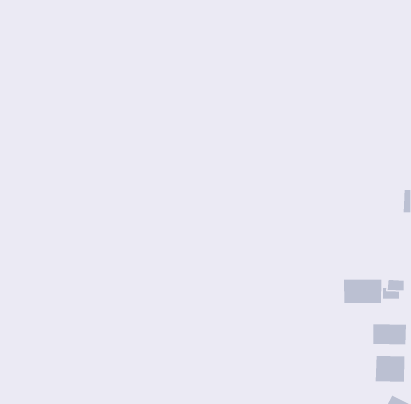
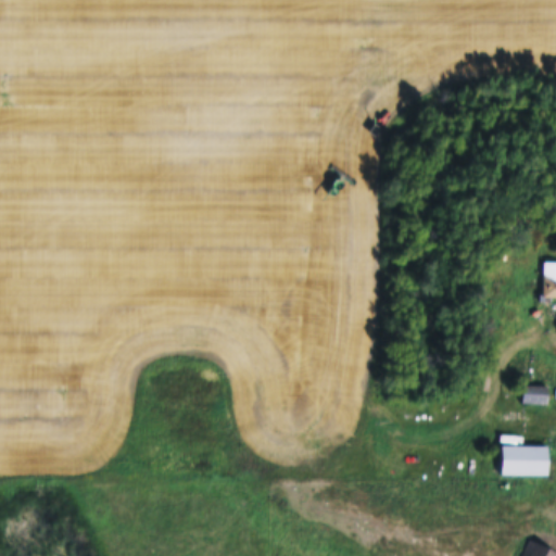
building: [343,279,382,304] -> none
building: [375,355,405,382] -> none

